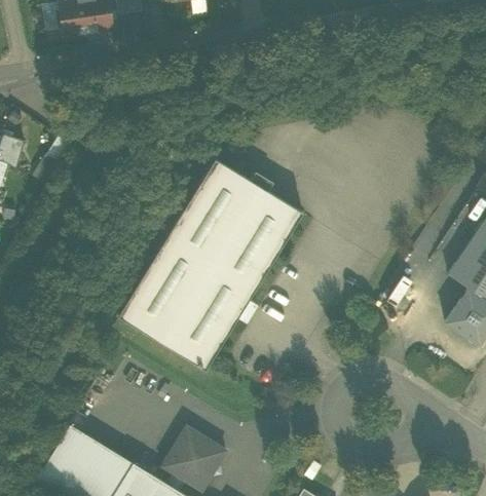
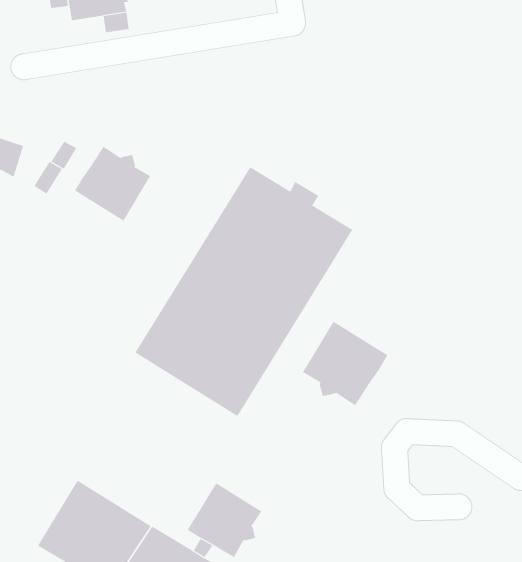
building: none -> [74,146,151,221]
building: none -> [302,321,388,406]

